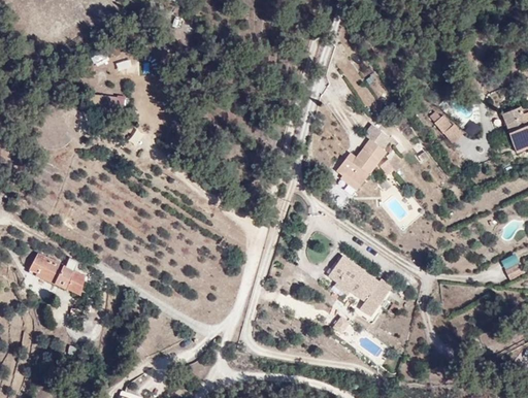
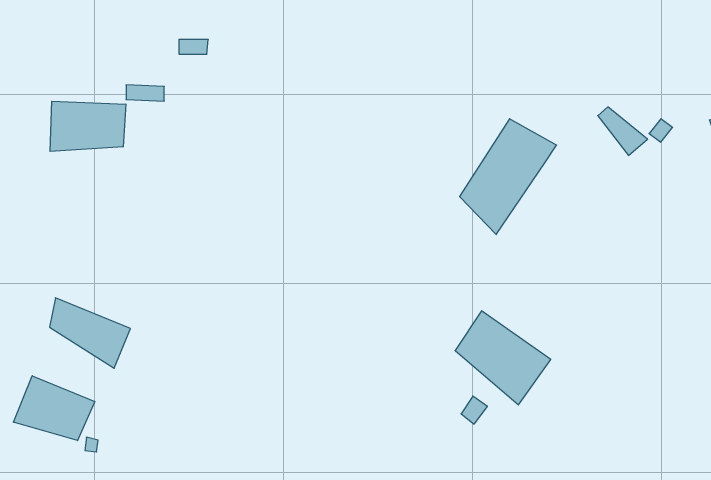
building: none -> [50,101,126,151]
building: none -> [13,376,95,441]

